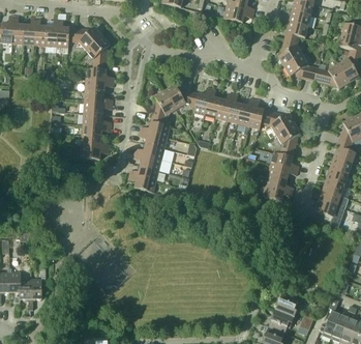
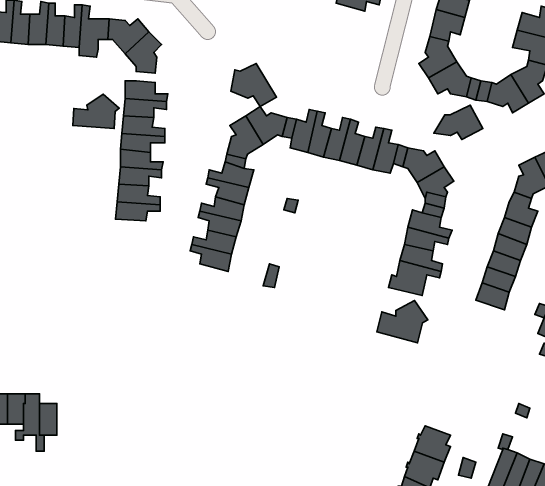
building: none -> [231,64,277,106]
building: none -> [73,94,119,129]
building: none -> [434,105,483,140]
building: none -> [377,300,428,343]

